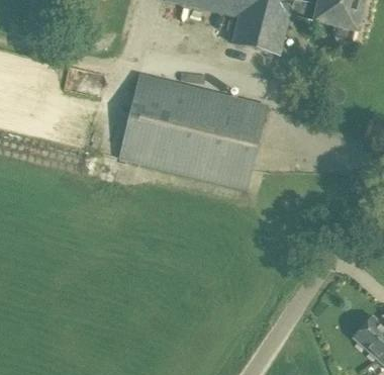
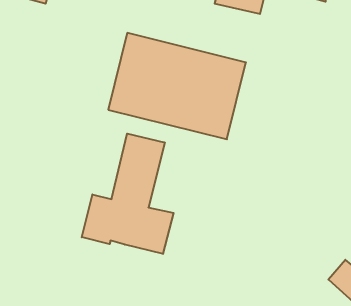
building: none -> [82,134,174,254]

